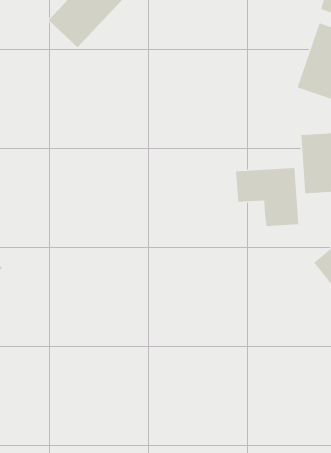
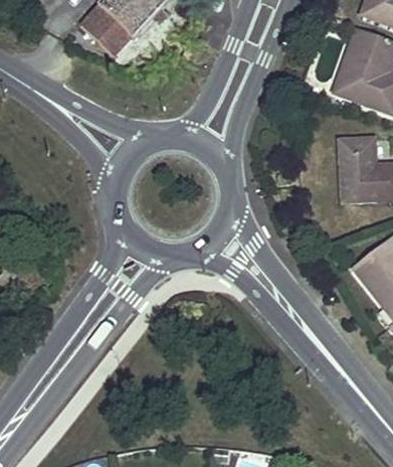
building: [235,167,299,227] -> none

